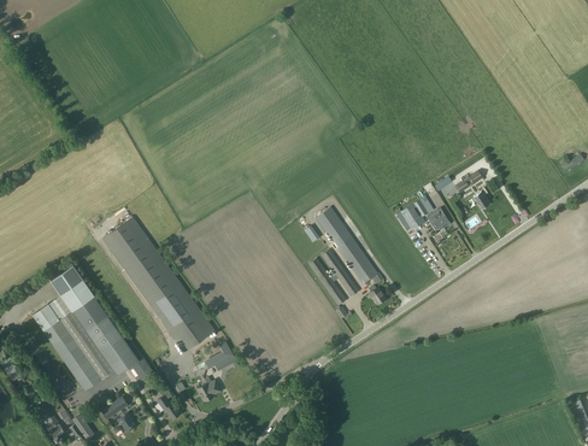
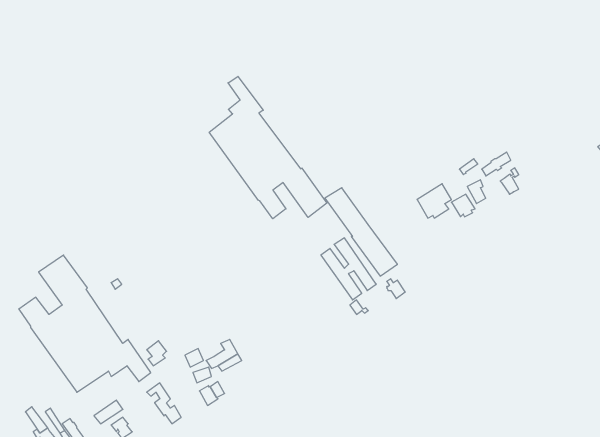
building: none -> [209,76,327,219]
building: [102,217,214,352] -> none

